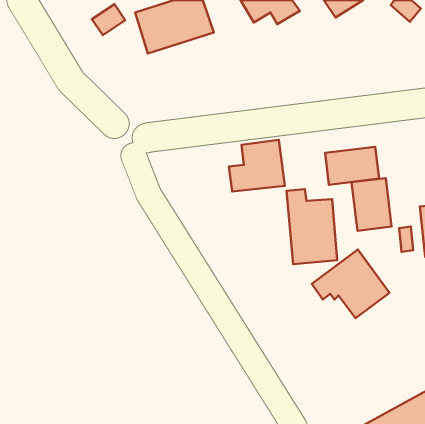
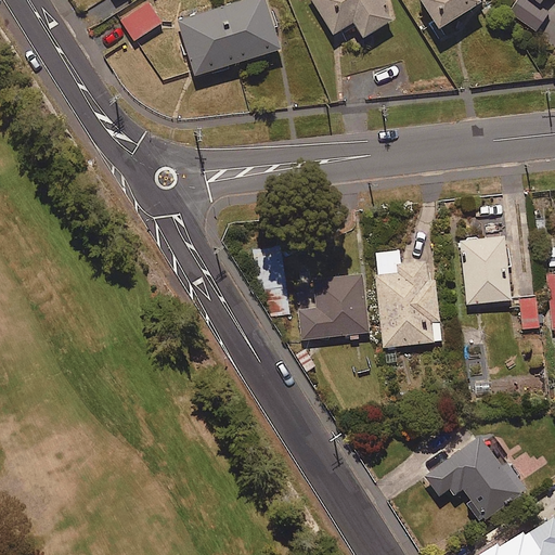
building: [229,140,285,192] -> [296,272,369,339]
building: [325,147,379,185] -> none
building: [312,249,390,318] -> [424,429,525,518]

